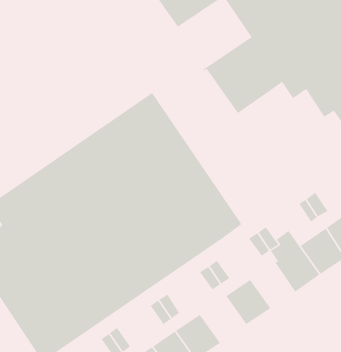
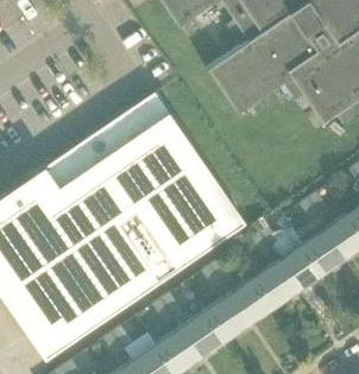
building: none -> [253,261,297,306]
building: none -> [203,294,248,341]

